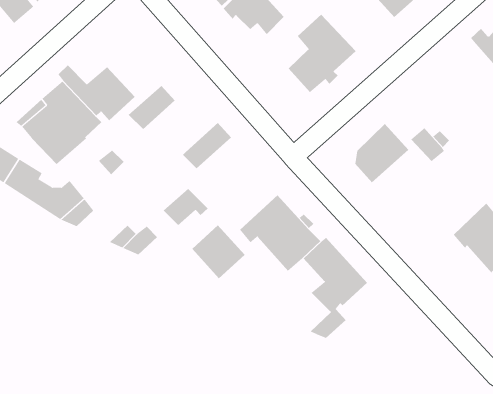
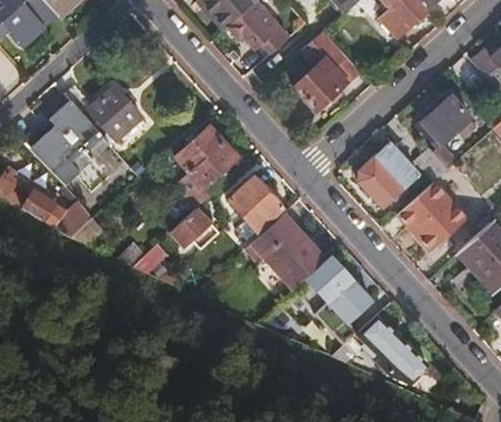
building: none -> [420,95,469,144]
building: [128,85,176,130] -> [177,127,224,171]
building: none -> [397,183,464,252]
building: [192,225,245,279] -> [229,175,282,229]
building: none -> [331,313,428,381]

